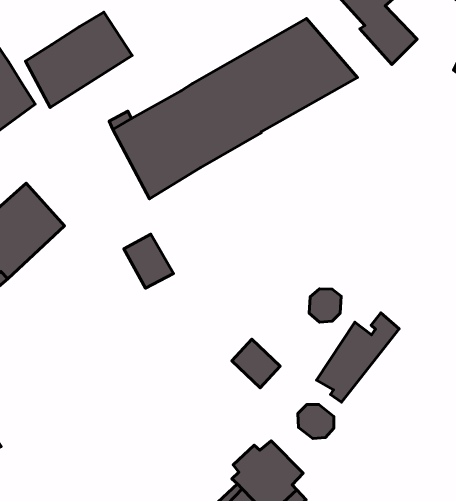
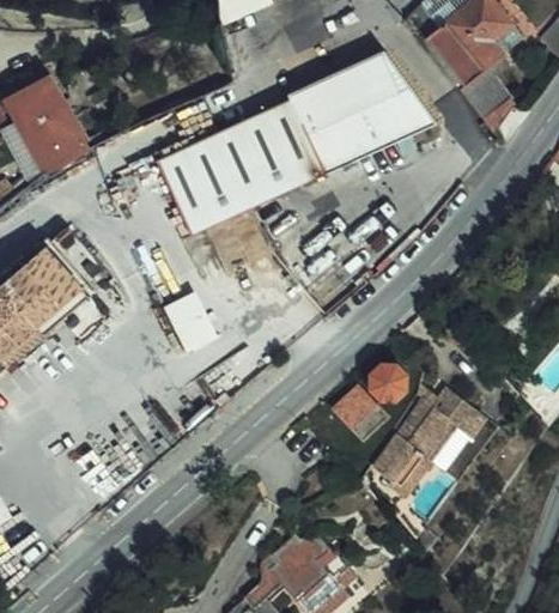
building: [26,12,132,107] -> none
building: [232,339,280,388] -> [335,383,389,438]
building: [298,405,334,438] -> none

